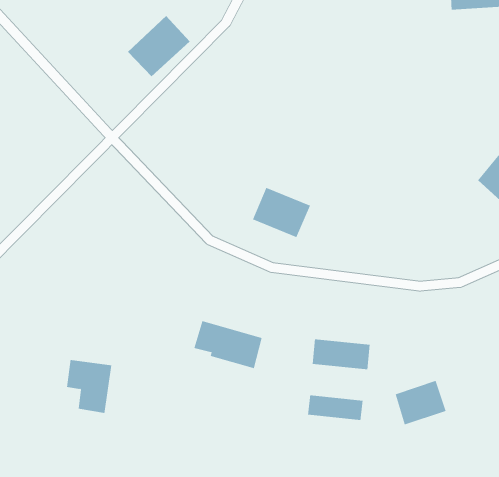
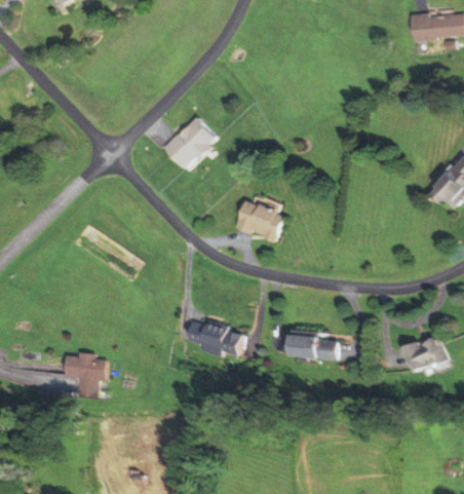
building: [127,15,190,77] -> [160,114,217,169]
building: [395,380,447,425] -> [402,335,449,375]
building: [307,395,363,421] -> none

